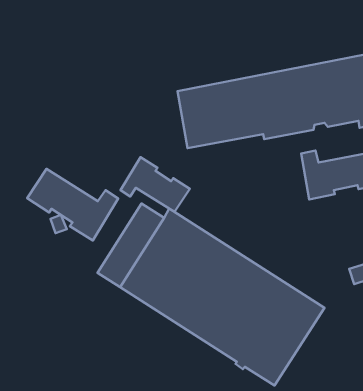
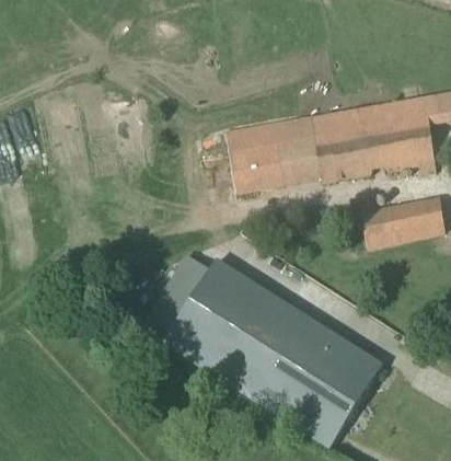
building: [120,157,190,212] -> none
building: [27,169,118,240] -> none

